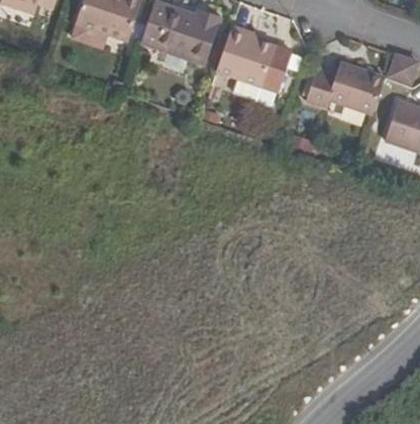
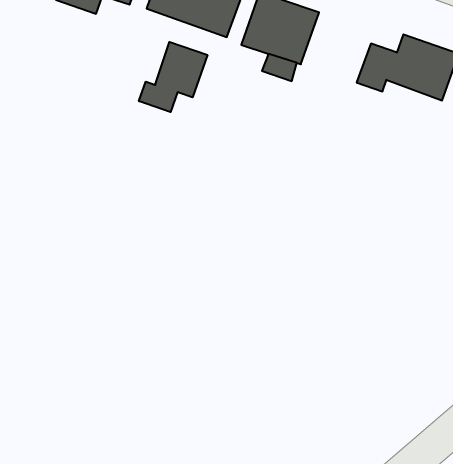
building: none -> [139,42,207,112]

